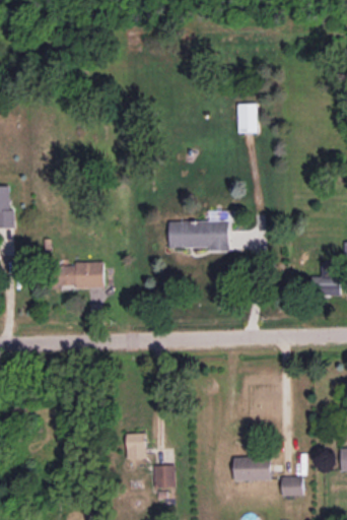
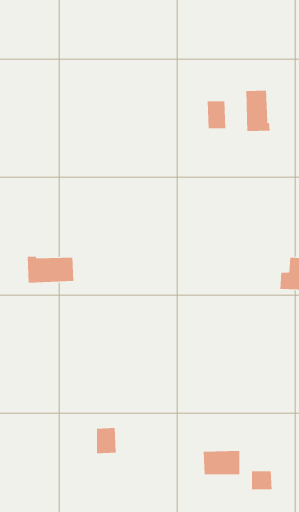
building: none -> [246,90,270,132]
building: [168,221,229,253] -> none
building: [153,465,175,489] -> none

